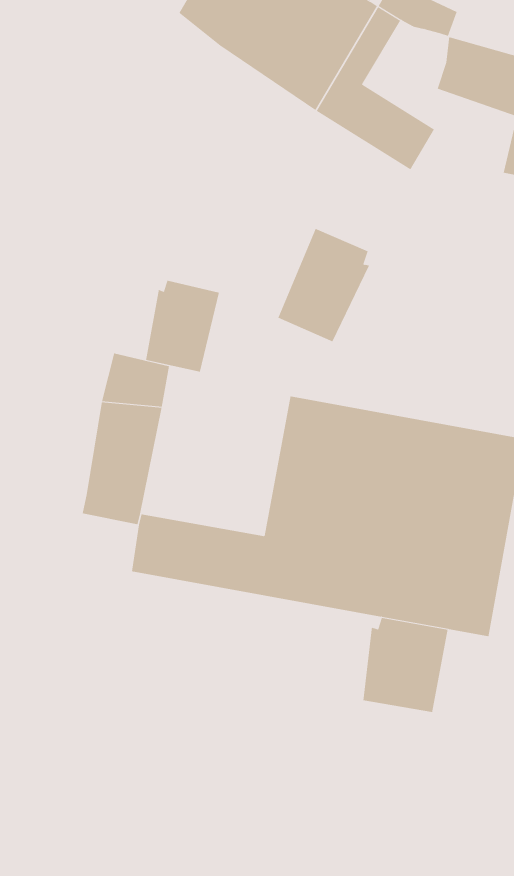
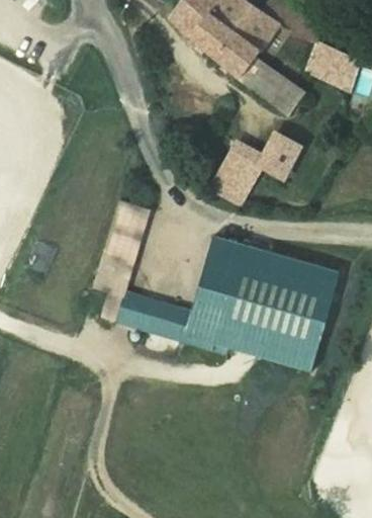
building: none -> [259,135,299,178]
building: [146,280,219,373] -> none
building: [363,617,448,713] -> none

